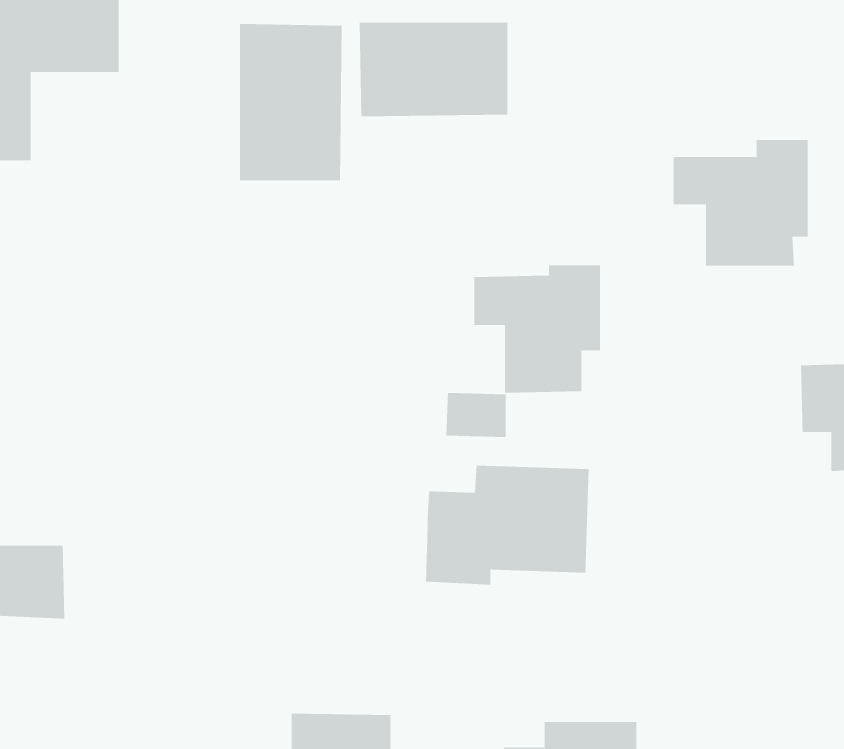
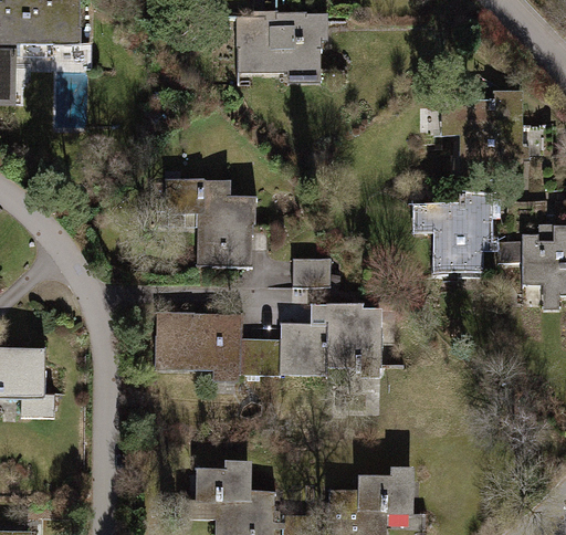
building: [239,23,343,181] -> none
building: [473,265,601,394] -> [411,191,494,275]
building: none -> [160,174,254,264]
building: none -> [150,315,279,394]

